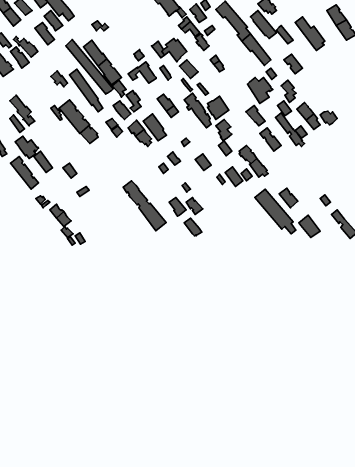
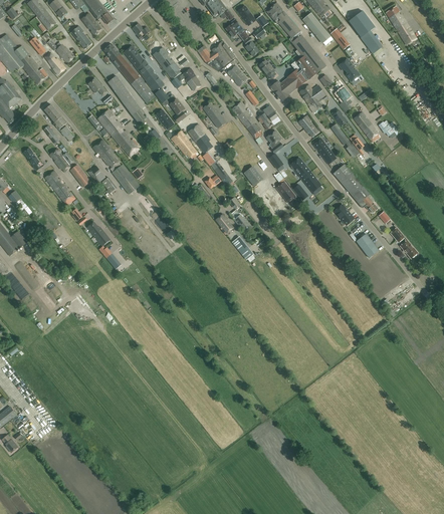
building: none -> [153,47,181,79]
building: none -> [270,55,318,100]
building: [123,181,166,231] -> [93,140,140,194]
building: [255,189,296,234] -> [334,164,378,212]

